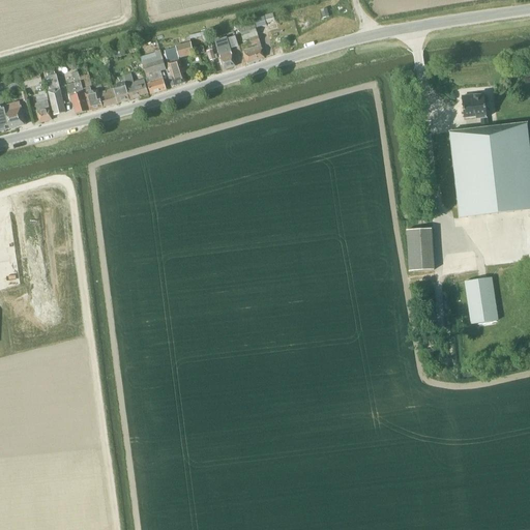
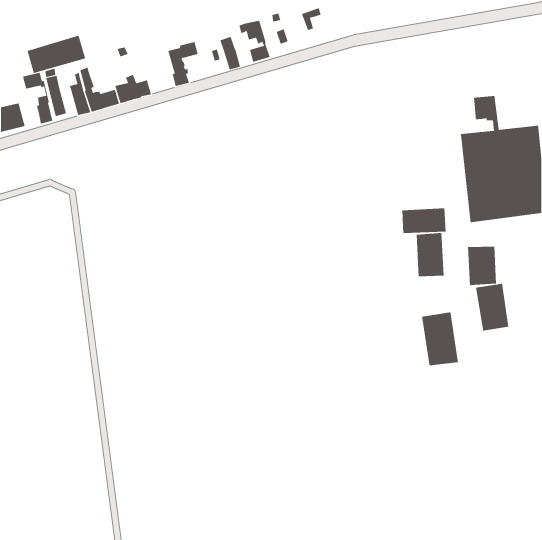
building: none -> [27,35,86,74]
building: [141,49,166,92] -> none
building: none -> [402,207,446,234]
building: none -> [467,246,497,286]
building: none -> [421,311,459,366]

